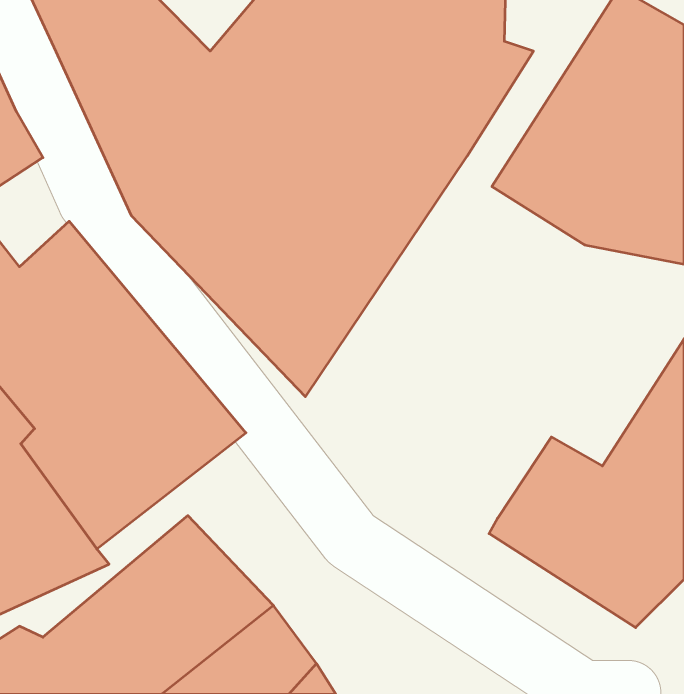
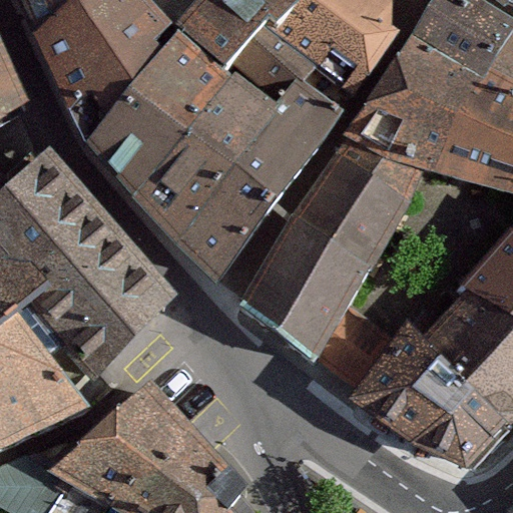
building: none -> [249,135,424,376]

